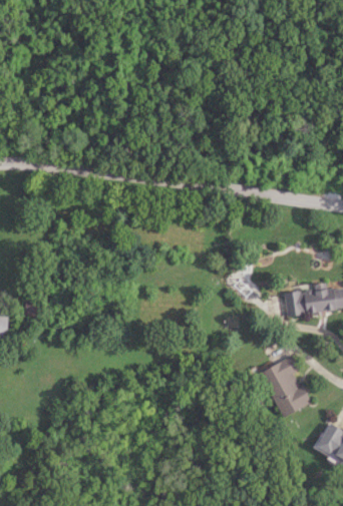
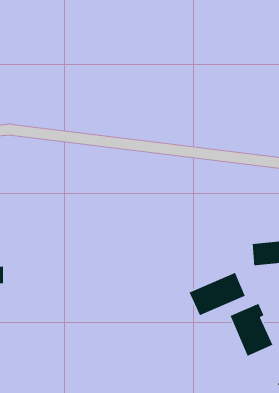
building: none -> [189,272,246,316]

